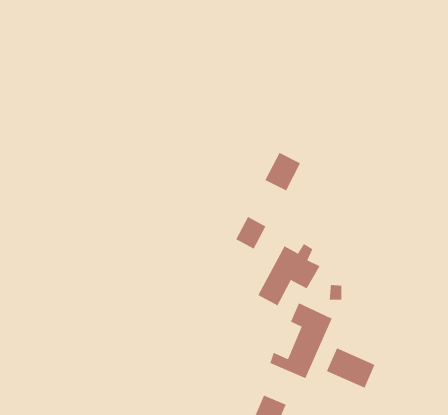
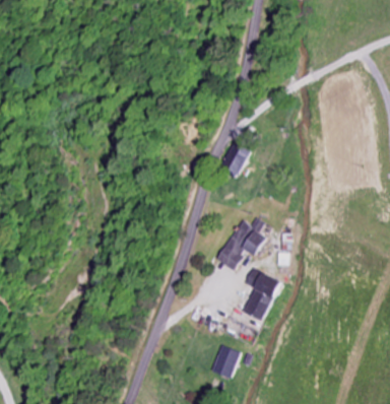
building: [235,216,266,249] -> none
building: [326,348,375,389] -> none

